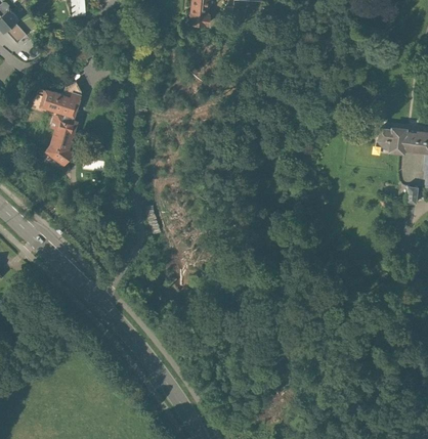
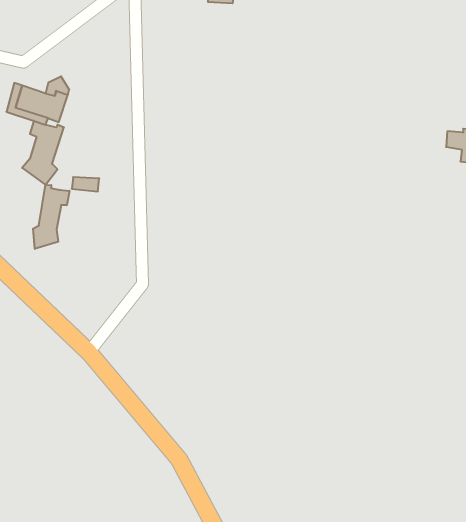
building: none -> [33,185,69,249]

